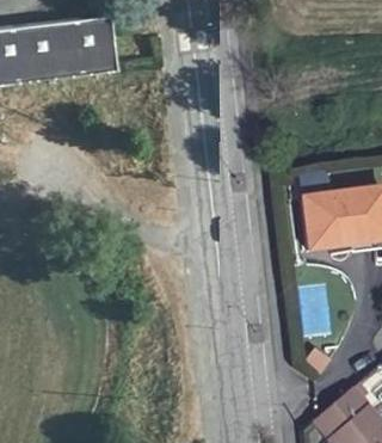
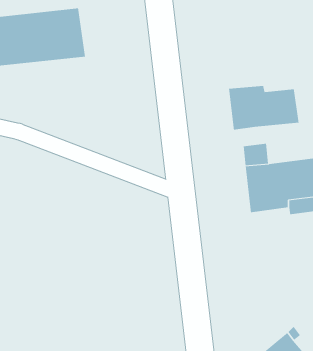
building: none -> [228,85,299,131]

